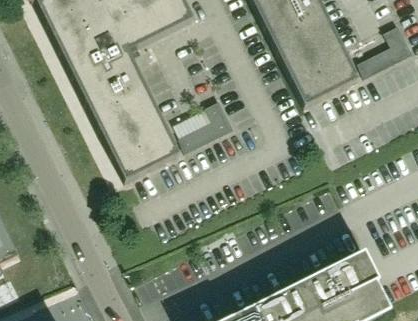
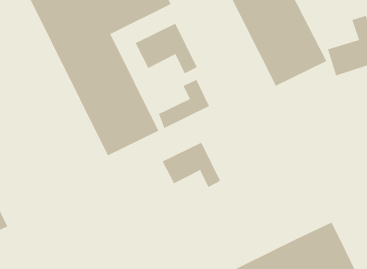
building: none -> [135,23,197,74]
building: none -> [162,142,221,188]

